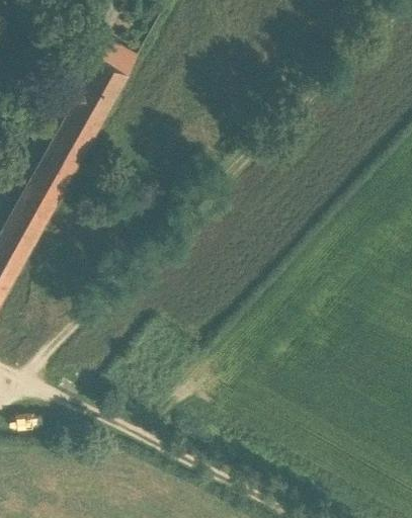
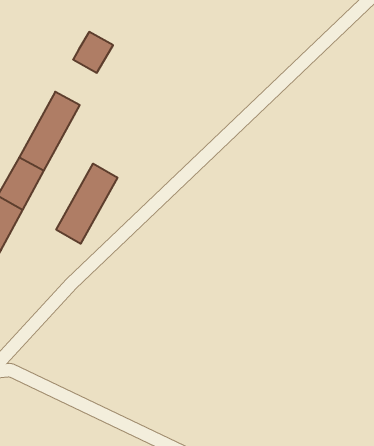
building: [67,82,111,131] -> none
building: none -> [56,164,117,244]

